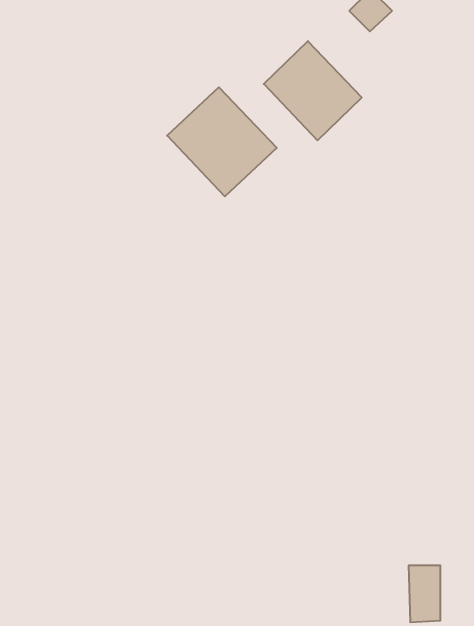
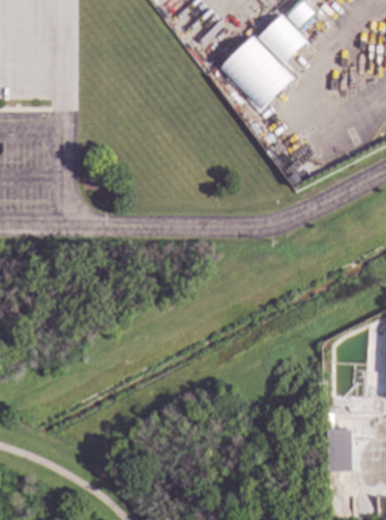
building: none -> [258,12,309,64]
building: [167,87,277,196] -> none

